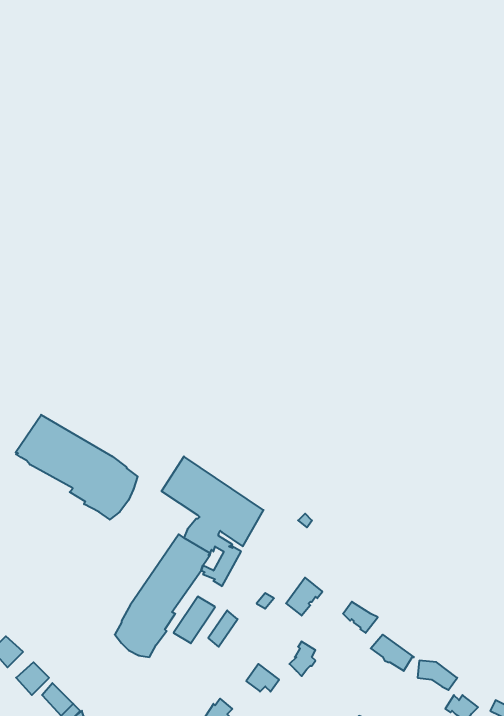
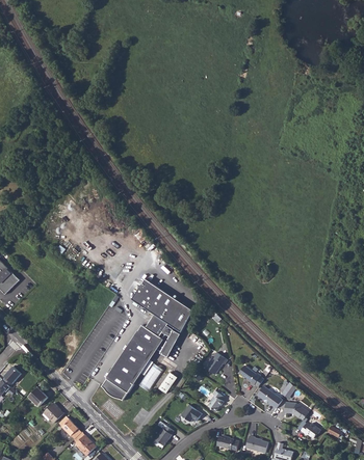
building: [16,415,138,520] -> none

